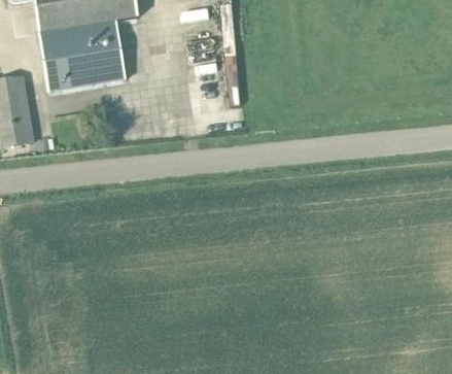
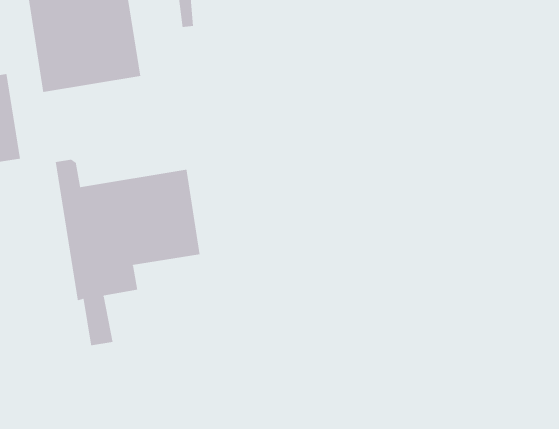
building: none -> [55,159,200,346]

